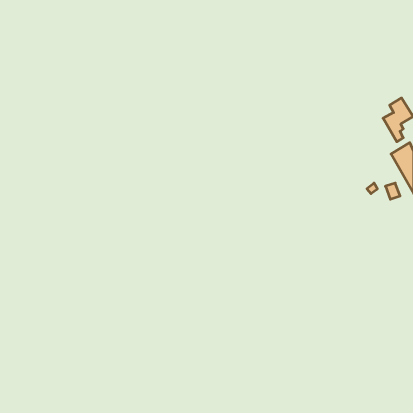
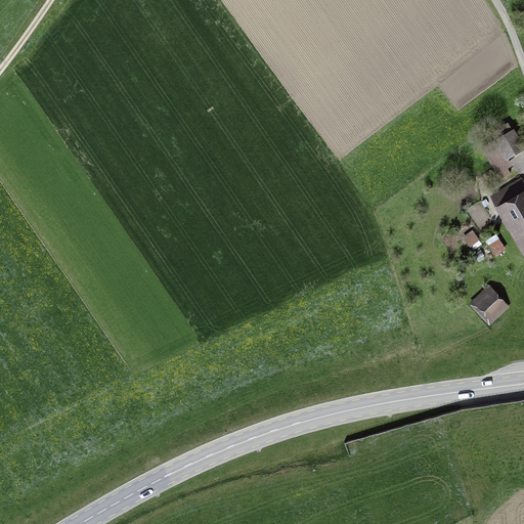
building: none -> [473,290,508,324]

